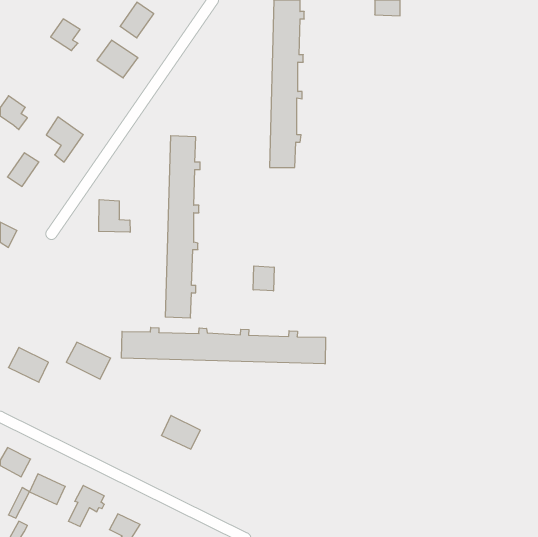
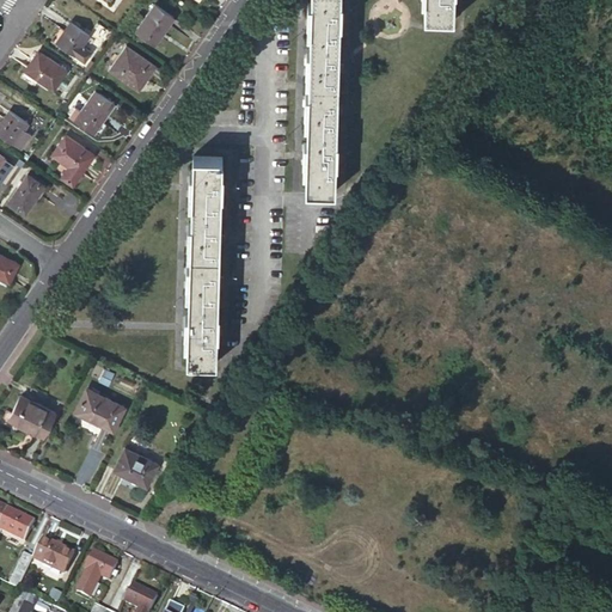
building: none -> [26,53,67,91]
building: none -> [71,91,115,133]
building: [99,200,130,232] -> none
building: [253,266,274,291] -> none
building: [122,327,325,364] -> none
building: [161,415,200,449] -> [115,448,159,486]

